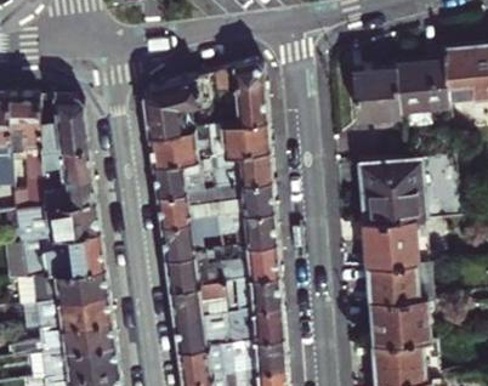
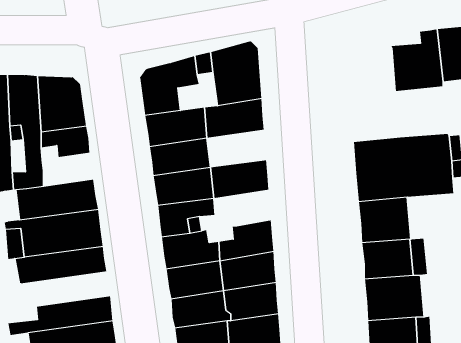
building: [351,67,401,118] -> none
building: [210,149,271,187] -> none
building: [45,172,96,206] -> none
building: [217,210,276,246] -> none
building: [22,293,113,329] -> none

